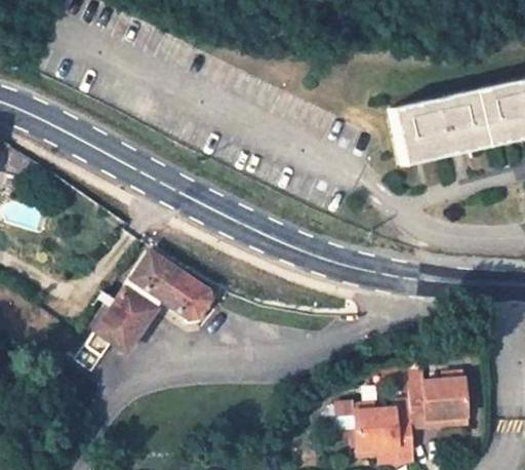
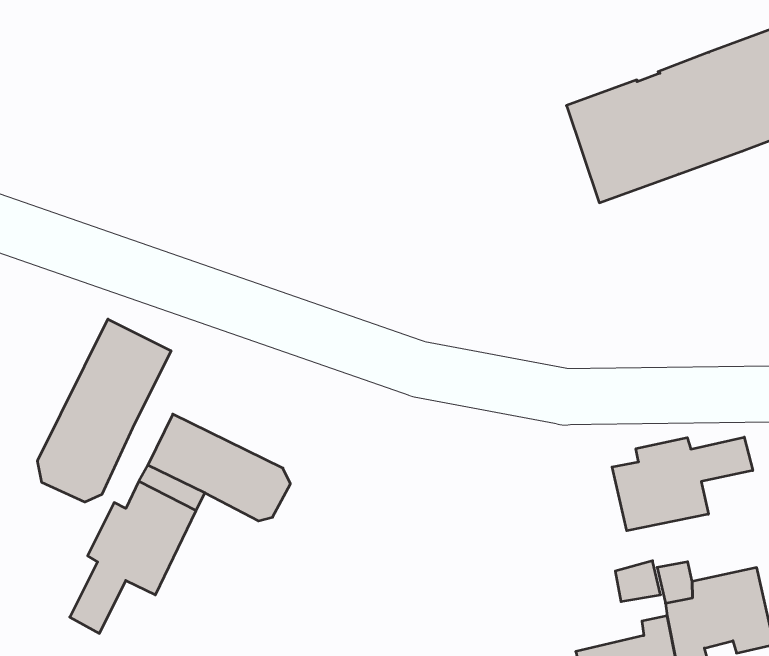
building: none -> [38,319,171,502]
building: none -> [612,437,753,531]

